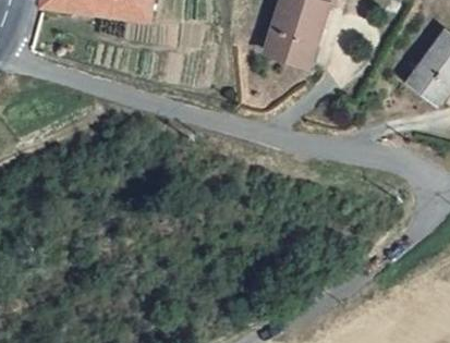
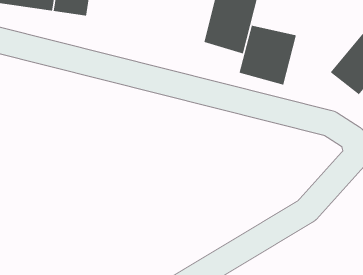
building: none -> [239,25,296,86]

